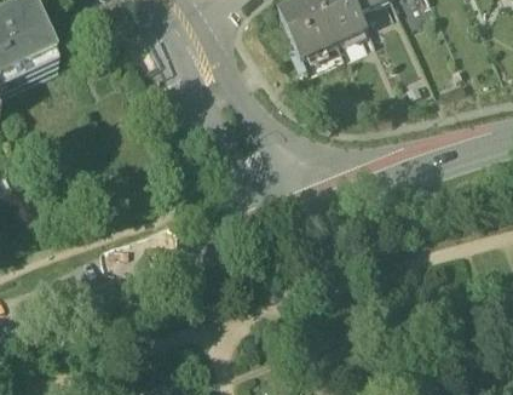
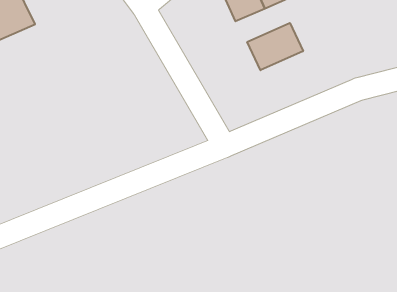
building: none -> [247,23,303,70]

